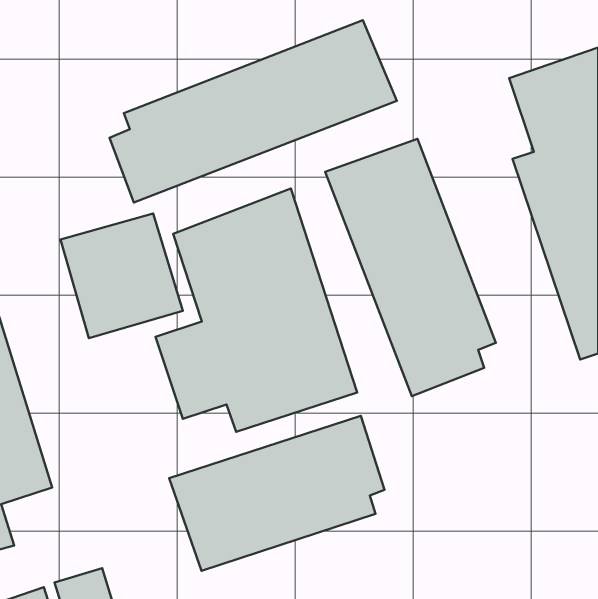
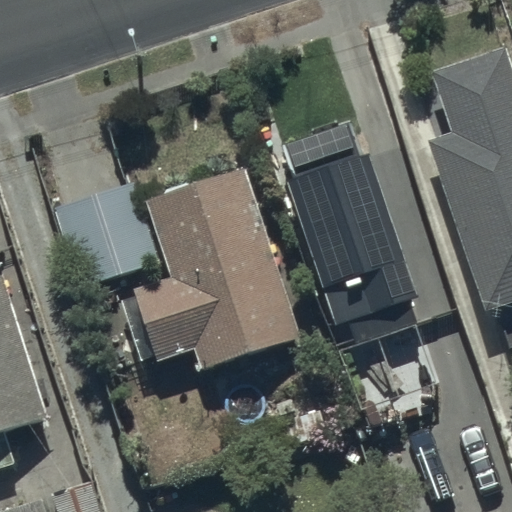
building: [109,20,397,202] -> none
building: [169,416,385,571] -> none

